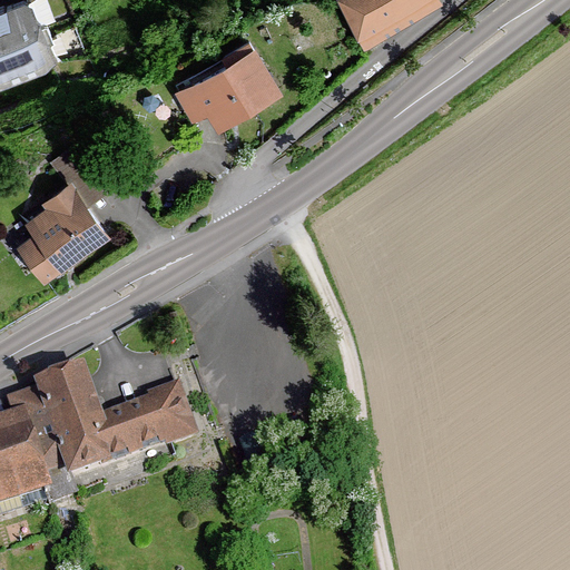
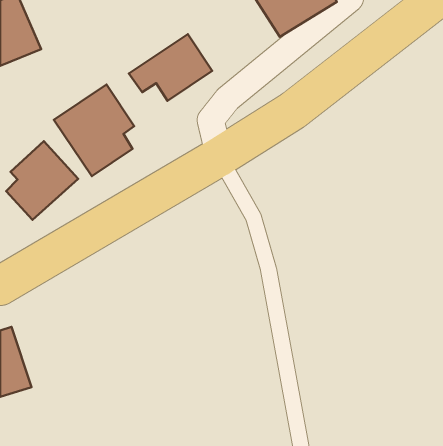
building: none -> [54,84,134,176]
building: [29,371,191,482] -> none

